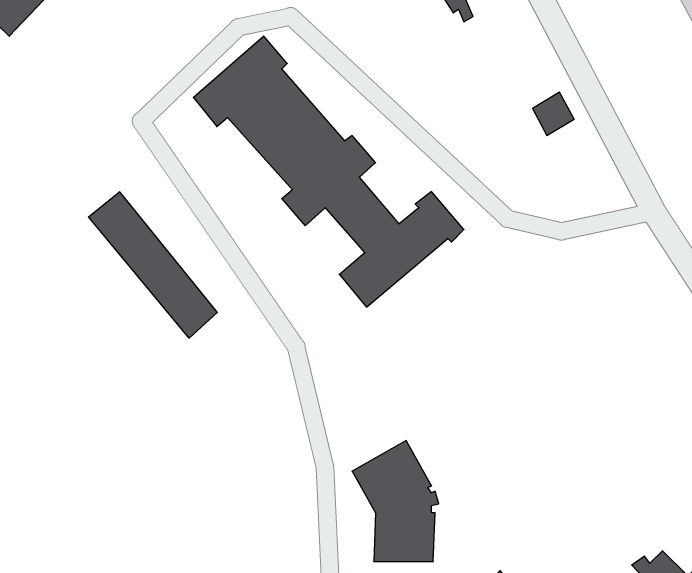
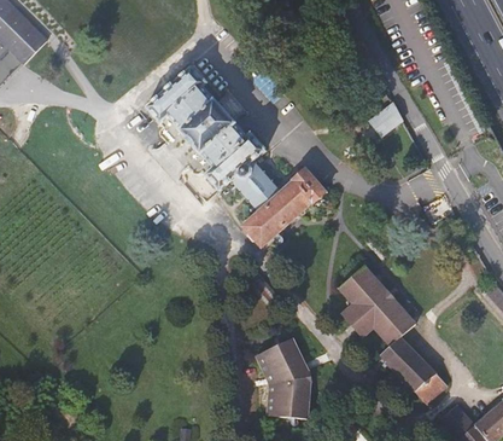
building: [88,192,217,338] -> none
building: none -> [335,261,446,402]

